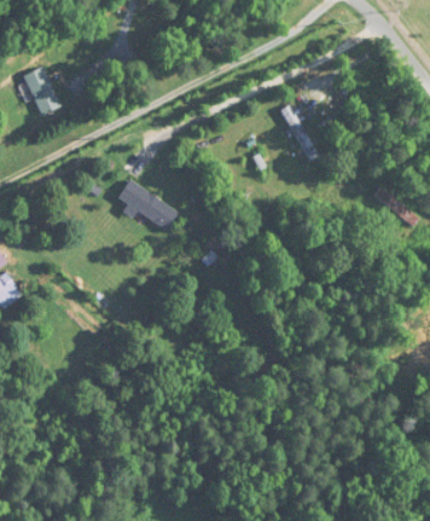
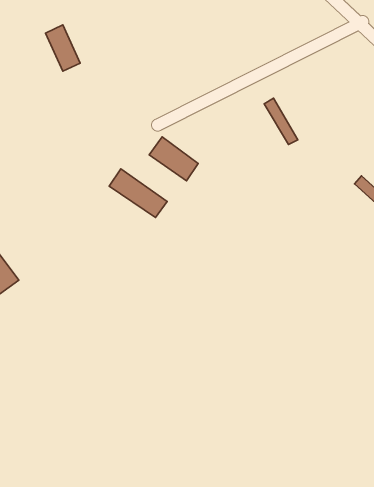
building: [23,66,59,115] -> [45,25,80,71]
building: none -> [149,137,198,181]

